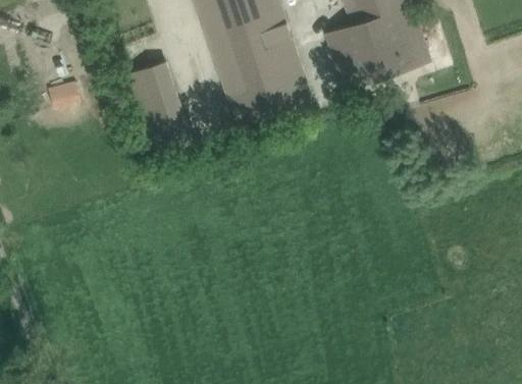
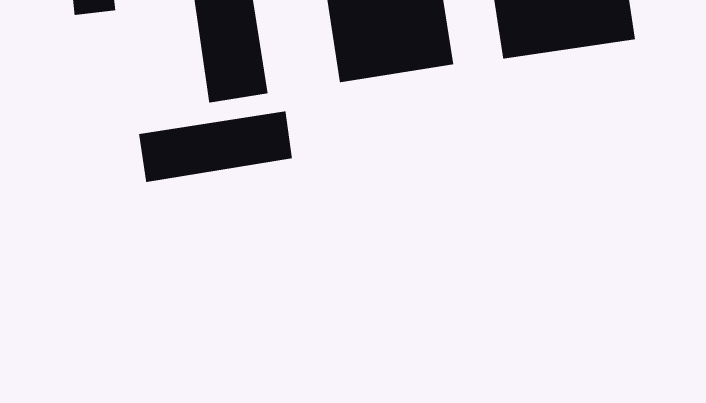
building: none -> [138,111,293,183]

